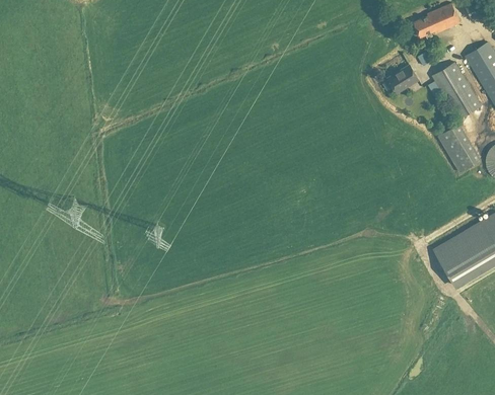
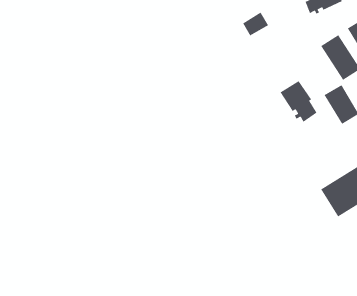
building: [386,63,419,93] -> [242,11,269,36]
building: none -> [280,80,317,123]

